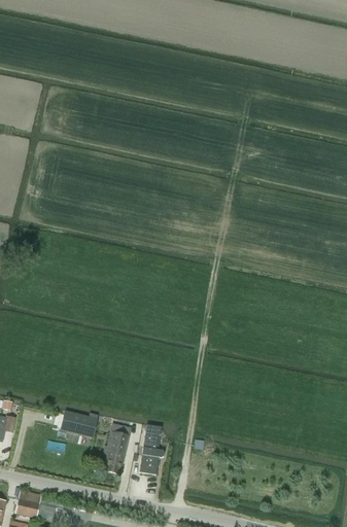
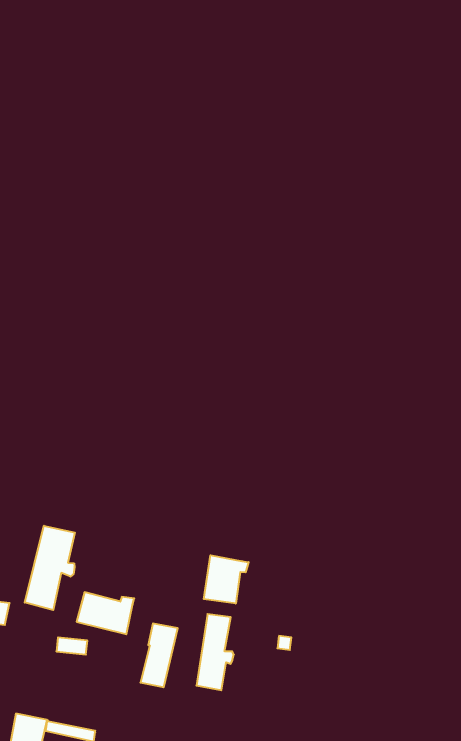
building: none -> [25,526,75,610]
building: none -> [204,555,249,604]

